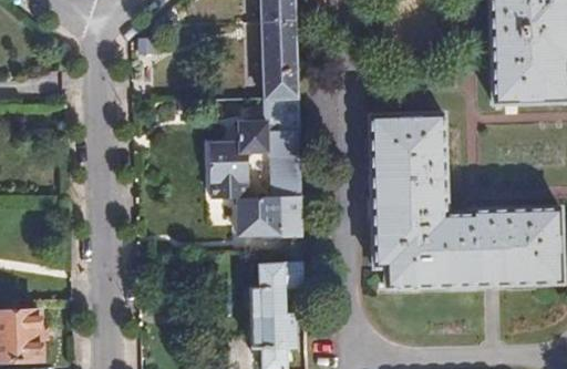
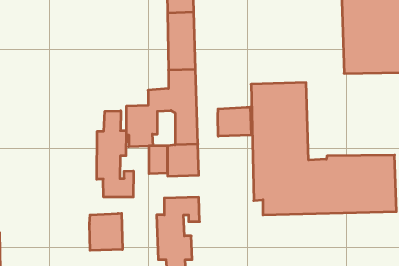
building: none -> [218,107,251,136]
building: none -> [97,111,133,197]
building: none -> [90,213,122,250]

